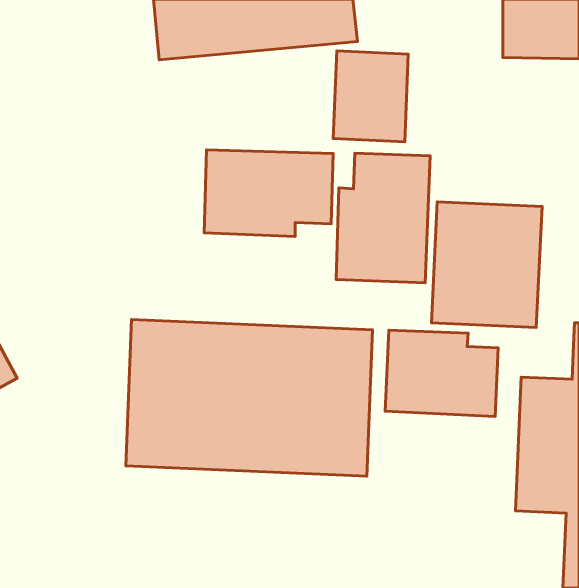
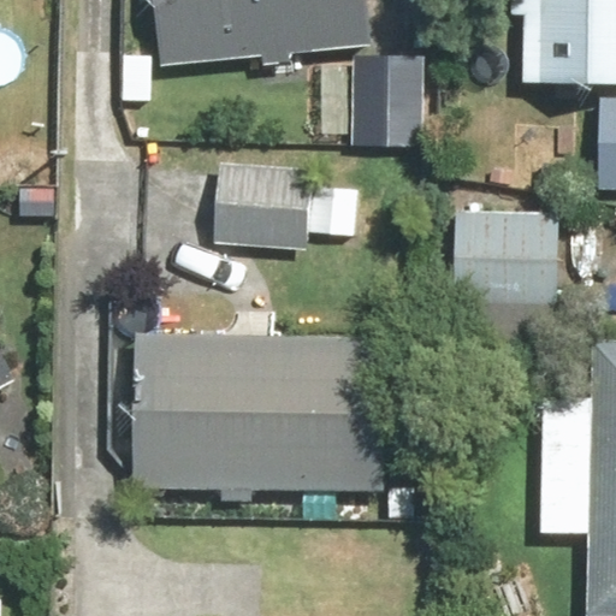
building: [336,153,430,283] -> none
building: [385,330,498,417] -> none

